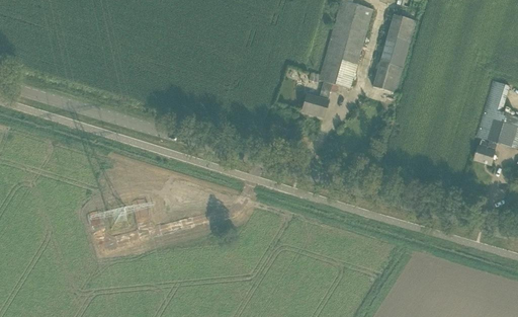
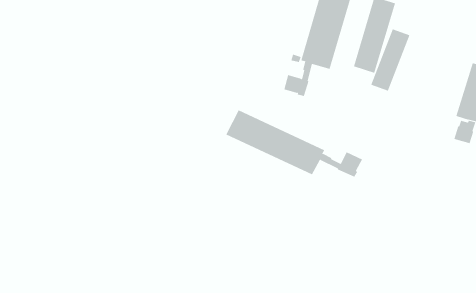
building: none -> [370,29,410,91]
building: none -> [226,110,363,178]

